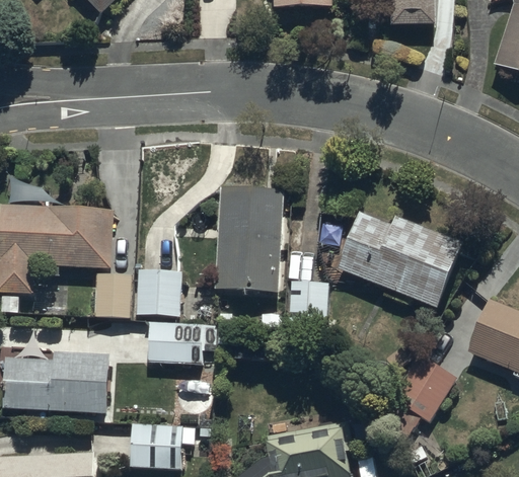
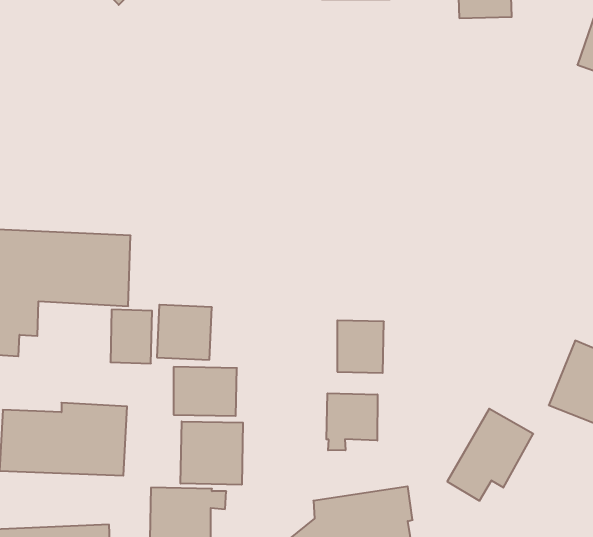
building: [216,187,285,292] -> none
building: [339,213,462,309] -> none
building: none -> [326,393,377,450]
building: none -> [181,421,243,485]

